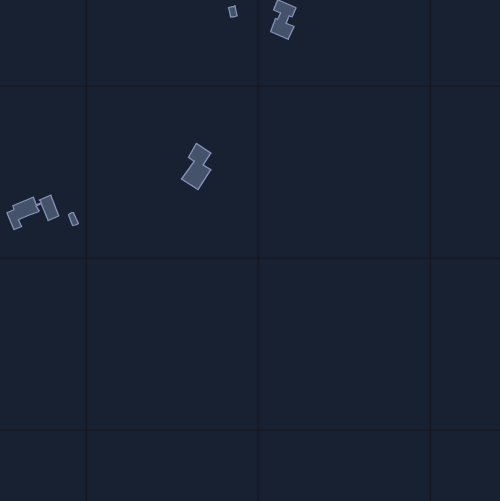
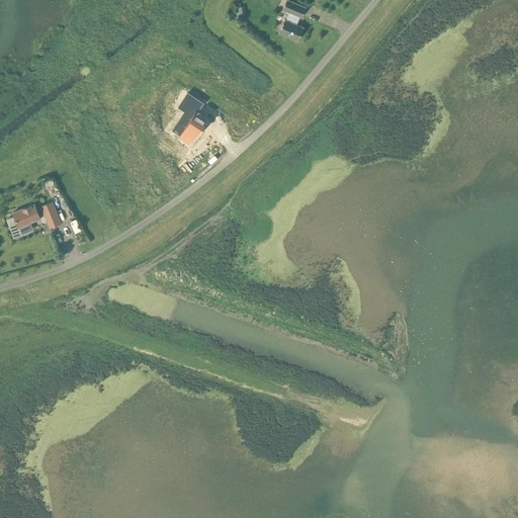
building: [181,143,211,190] -> [173,93,203,141]

